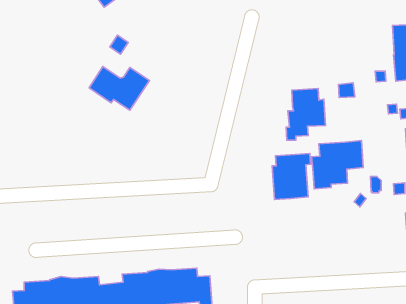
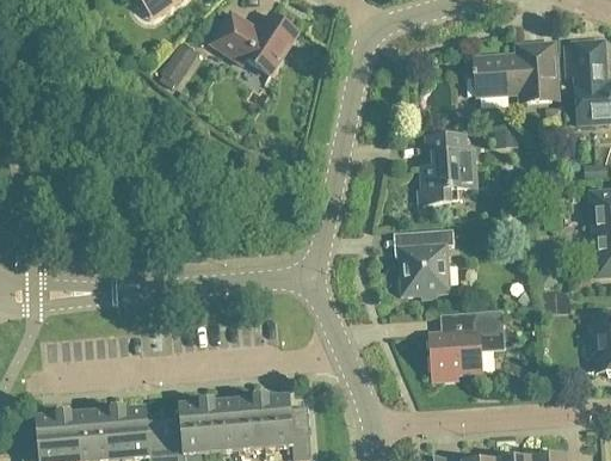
building: none -> [474,42,557,102]
building: [89,67,150,110] -> [210,11,298,74]
building: [312,141,363,189] -> [428,309,504,380]

